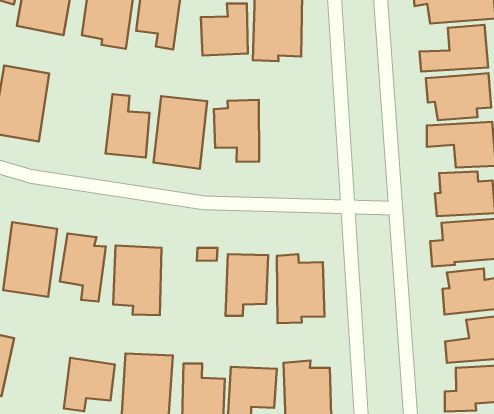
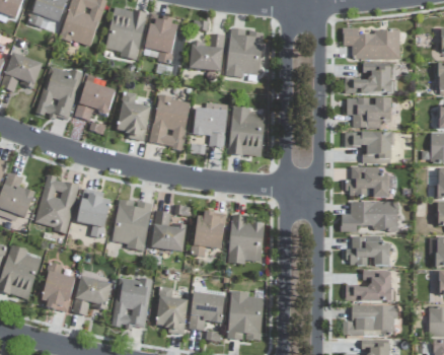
building: none -> [75,81,115,120]
building: none -> [229,106,265,156]
building: none -> [151,210,186,252]
building: none -> [40,262,75,310]

